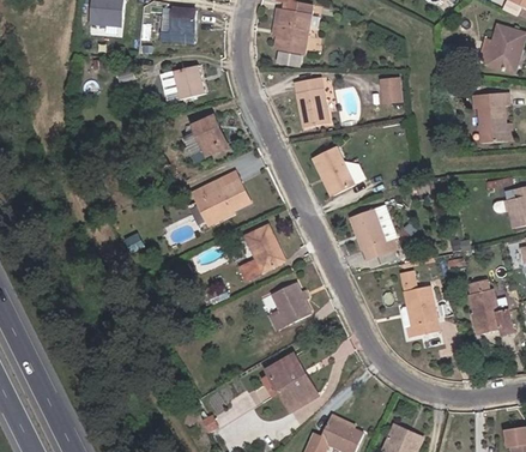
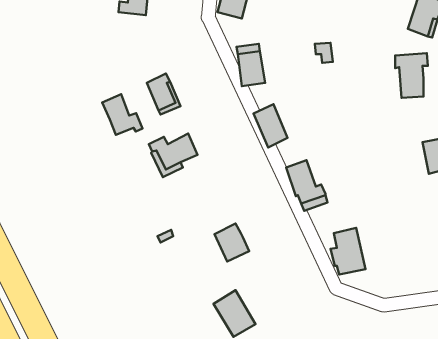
building: [170,65,201,100] -> none
building: none -> [102,94,142,135]
building: [236,227,282,284] -> none
building: [466,291,512,339] -> none

